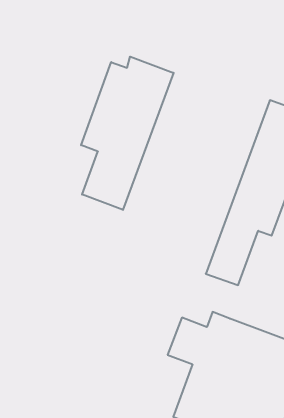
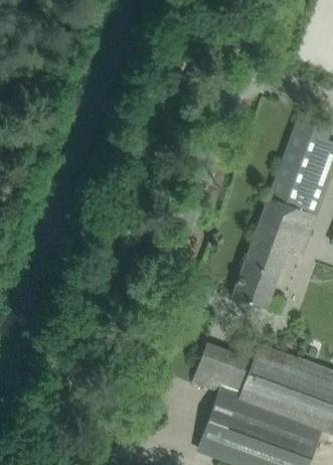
building: [81,57,174,210] -> none

